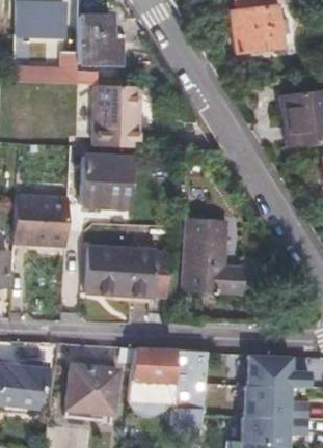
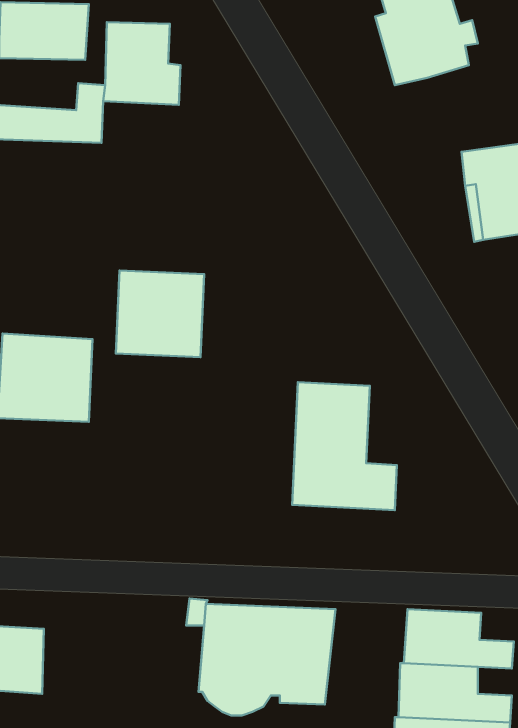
building: [90,86,137,149] -> none
building: [95,250,170,297] -> none
building: [71,362,119,415] -> none

